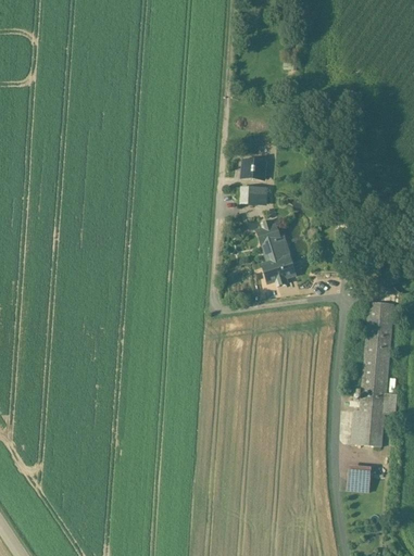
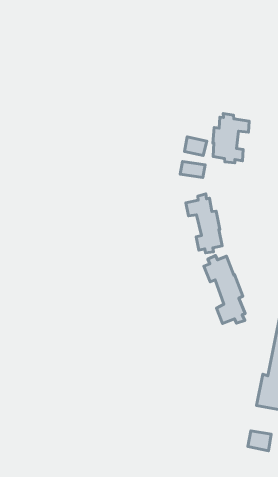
building: none -> [213,113,249,163]
building: none -> [204,255,245,324]

